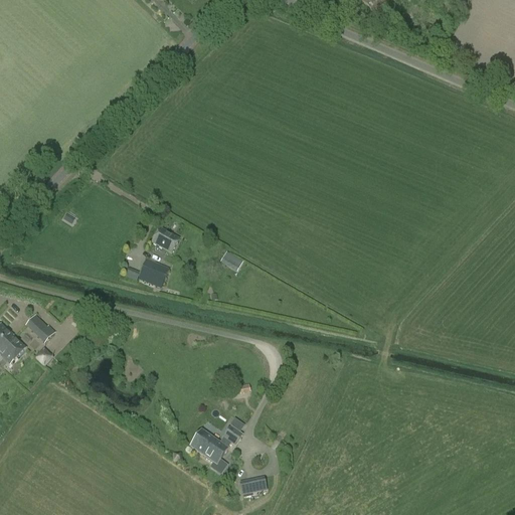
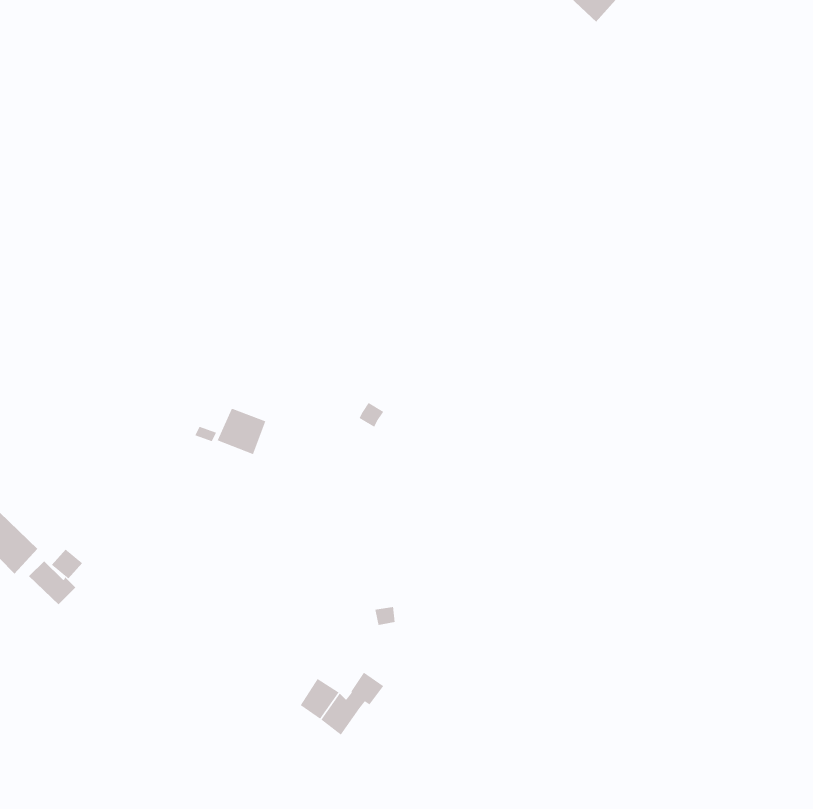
building: [150,226,178,251] -> none
building: [24,313,54,341] -> [28,560,76,605]
building: [238,475,266,494] -> none

